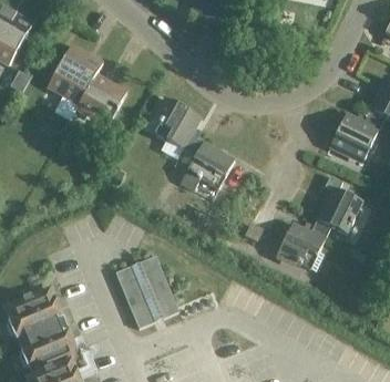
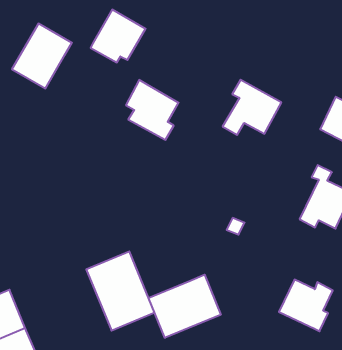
building: [76,73,127,122] -> [91,10,146,62]
building: [181,138,235,189] -> [223,80,281,135]
building: [278,223,328,270] -> [279,280,333,331]
building: none -> [149,275,221,338]

